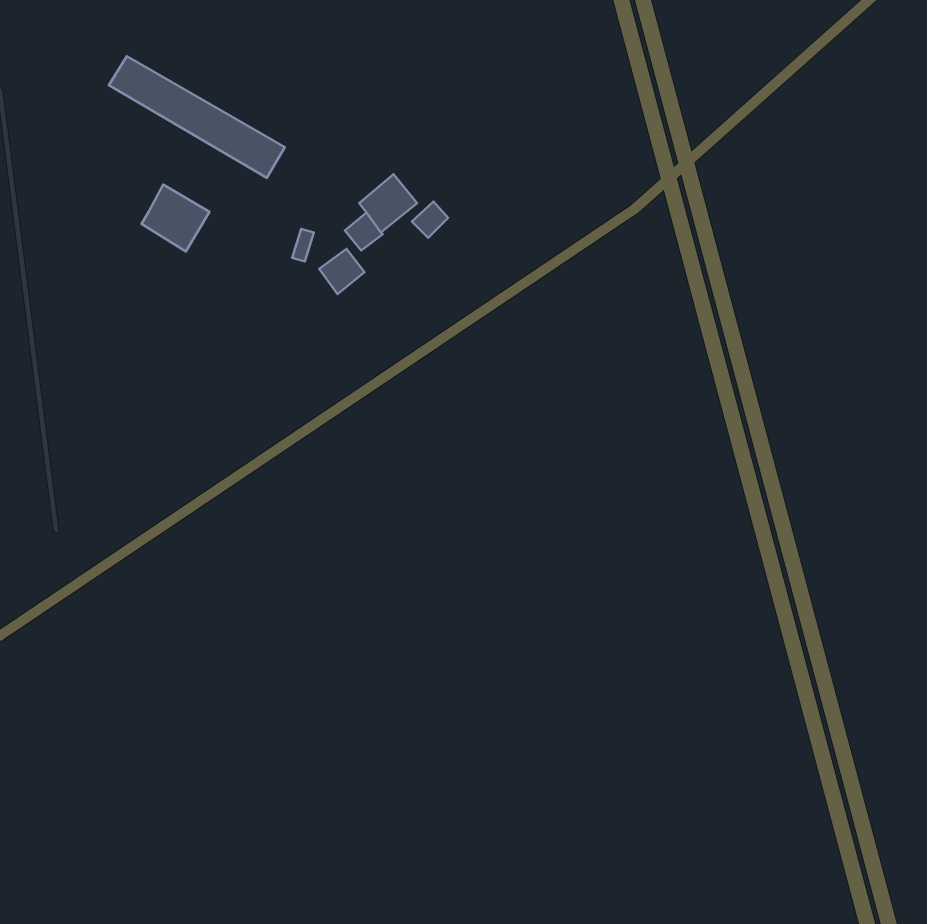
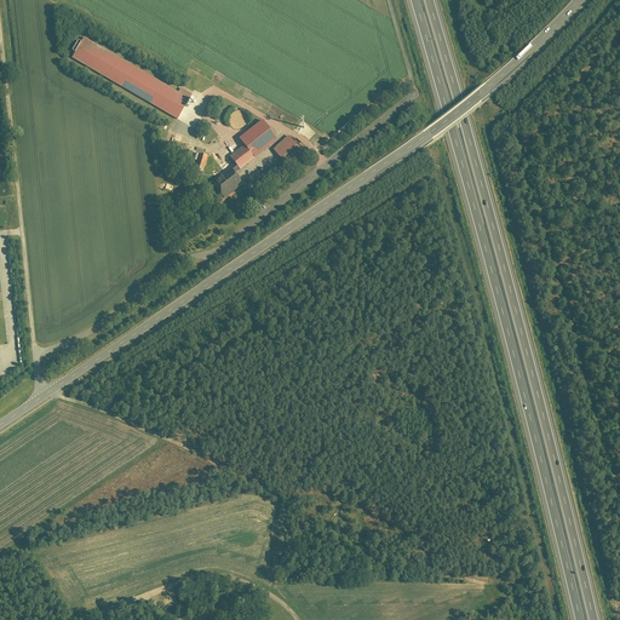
building: [142,185,209,251] -> none

